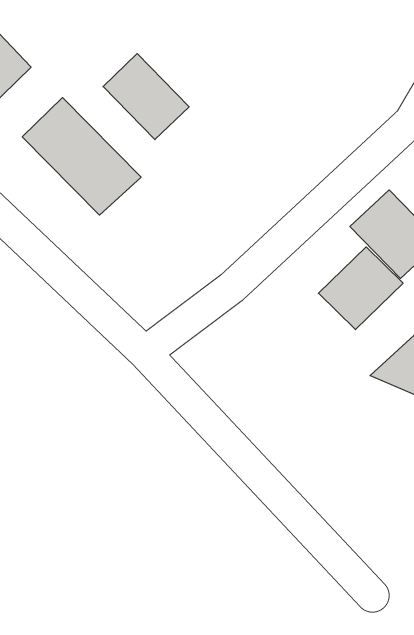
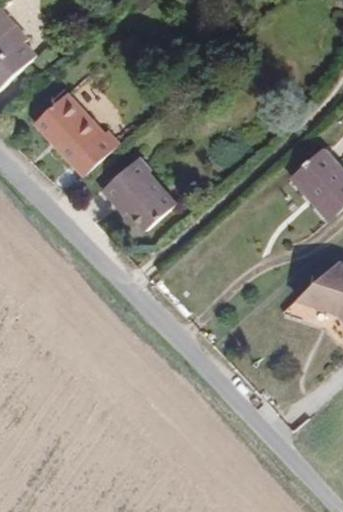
building: [103,54,189,140] -> [103,157,171,225]
building: [318,247,403,330] -> none

